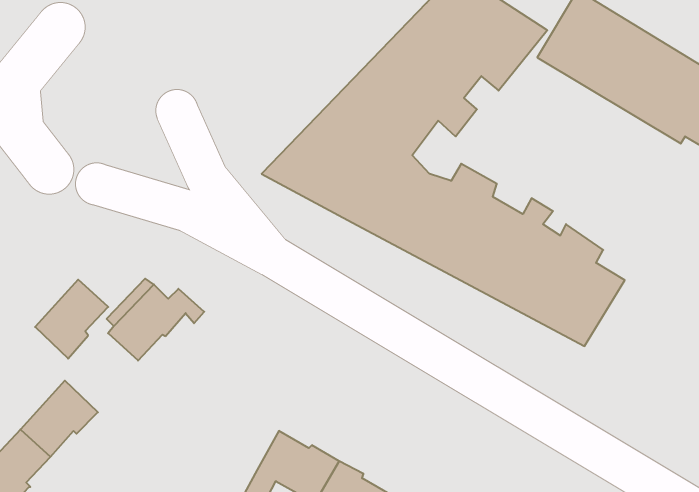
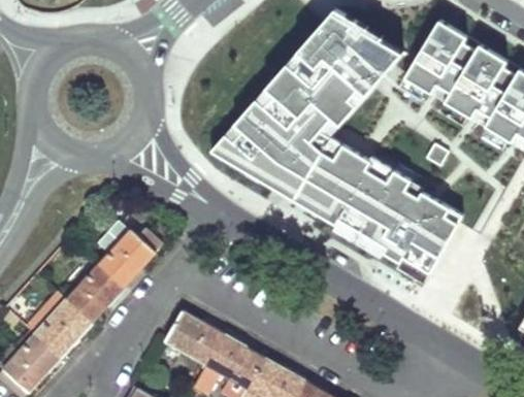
building: [35,280,108,359] -> [66,267,119,324]
building: none -> [162,311,220,365]

